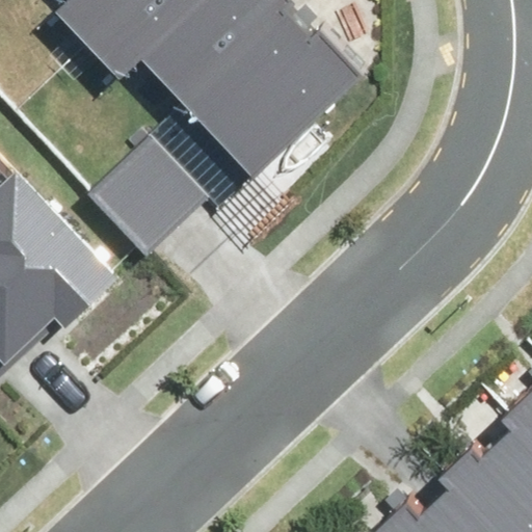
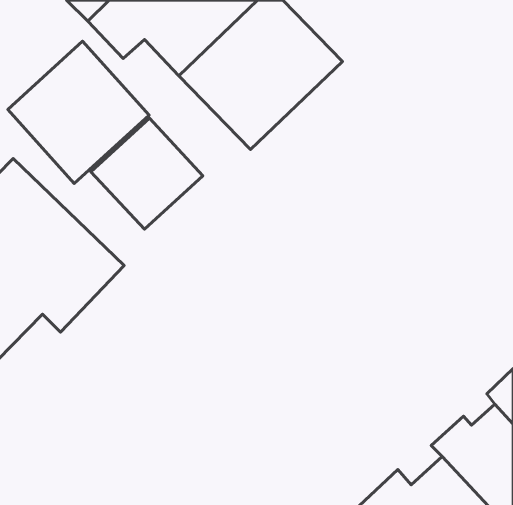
building: none -> [8,41,149,184]

